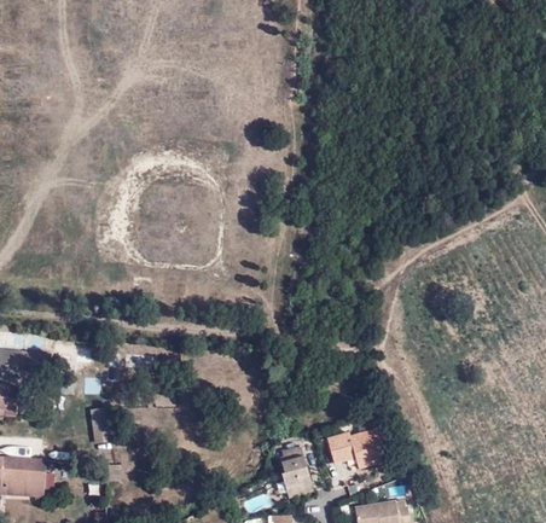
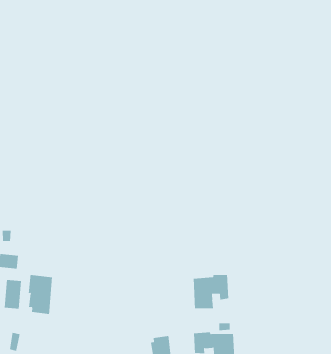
building: none -> [193,274,229,309]
building: none -> [28,274,53,315]

